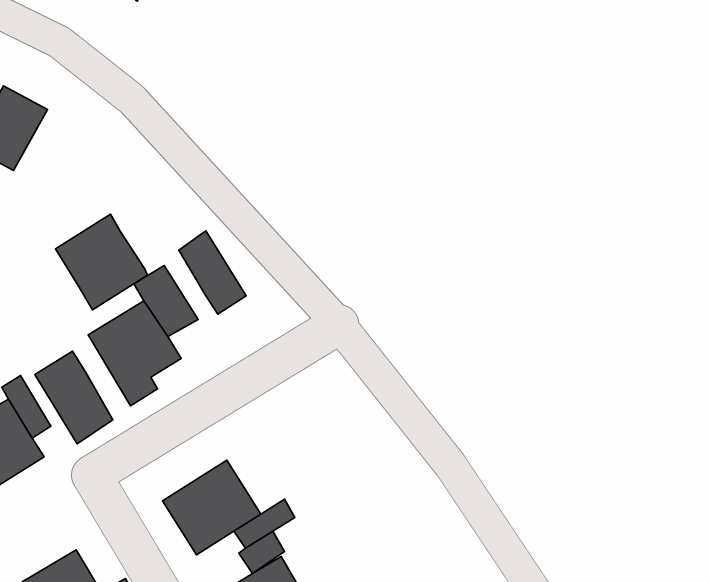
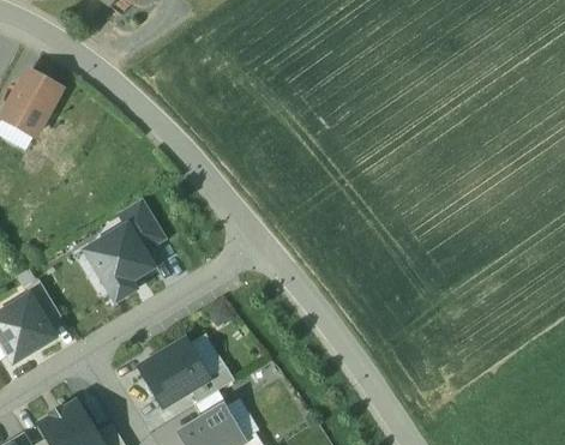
building: [55,214,148,310] -> none
building: [179,231,246,314] -> none
building: [35,351,113,444] -> none

